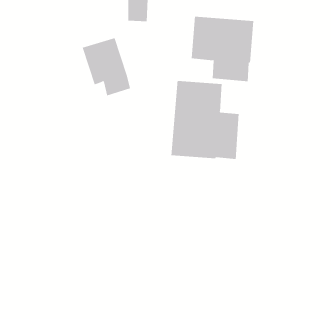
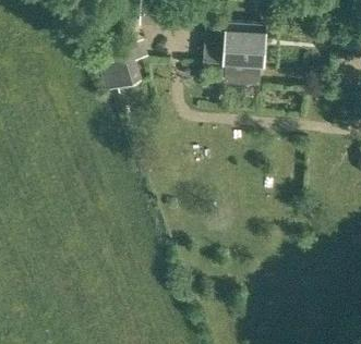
building: [171,80,239,160] -> none

